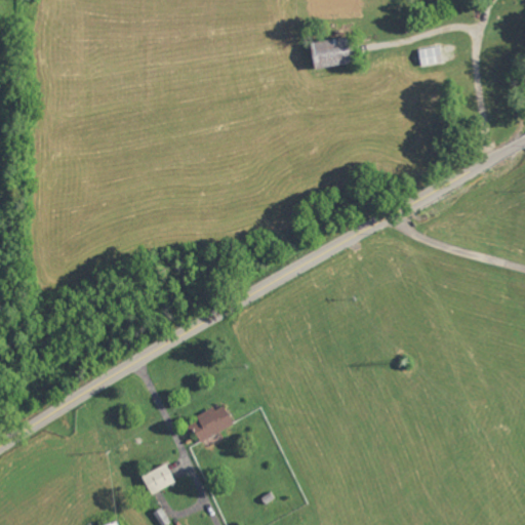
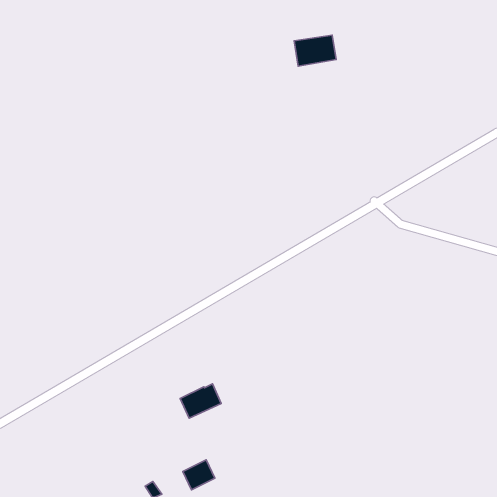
building: [418,45,444,67] -> none
building: [142,462,175,494] -> [183,460,215,490]

